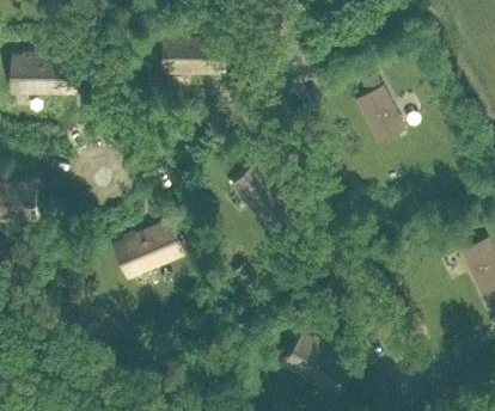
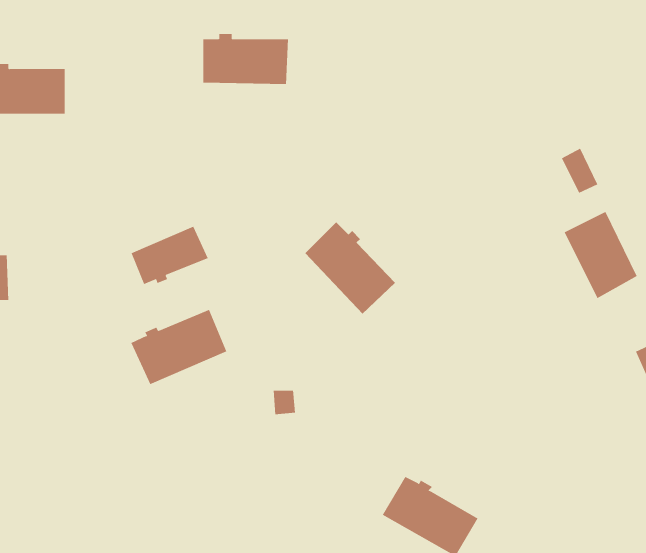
building: [354,84,404,143] -> [564,211,638,299]
building: none -> [131,226,208,285]

